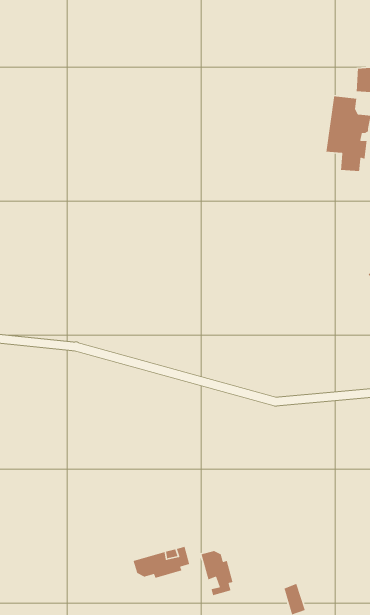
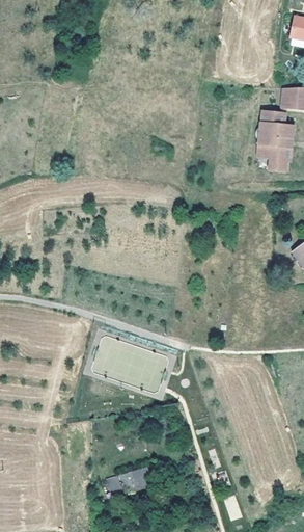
building: [200,550,234,596] -> none

